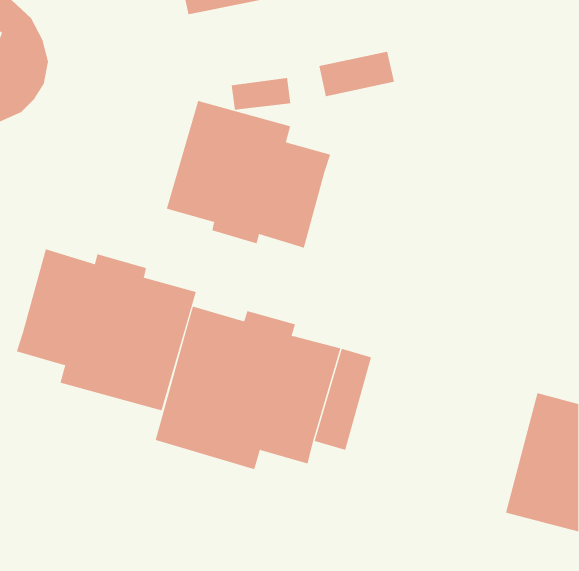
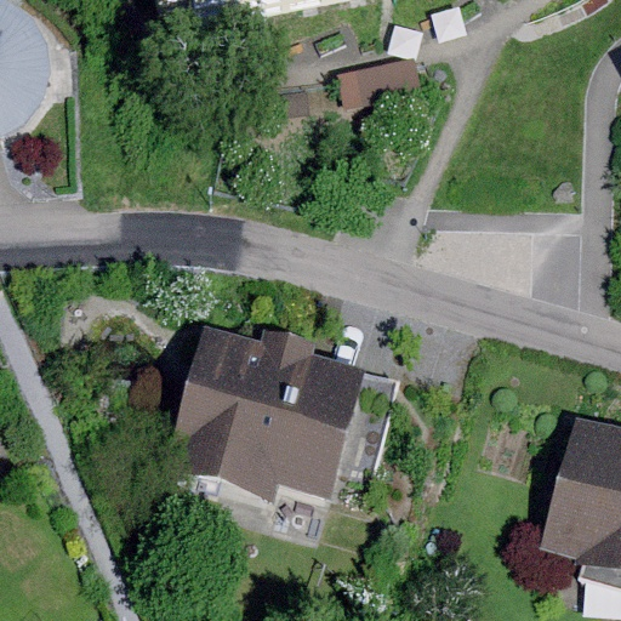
building: [166,100,331,249] -> none
building: [16,248,196,411] -> none

